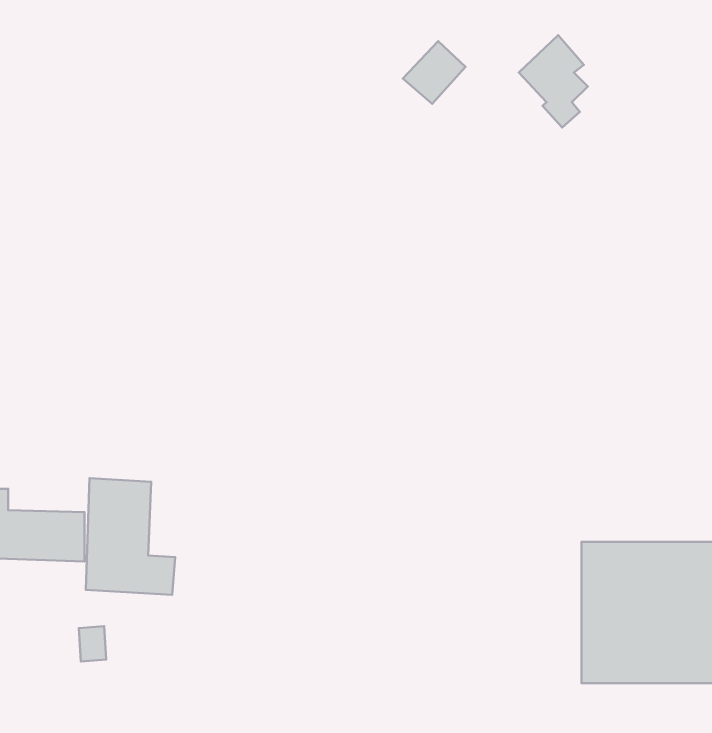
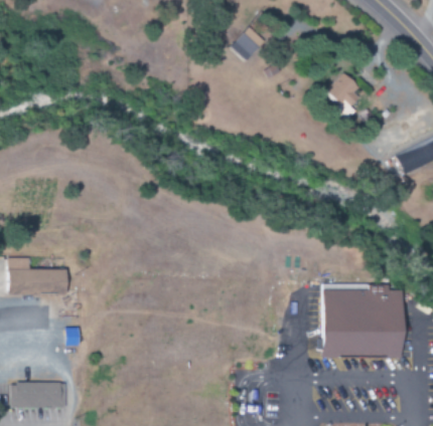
building: [519,35,588,128] -> [325,71,360,119]
building: [86,478,175,595] -> none

